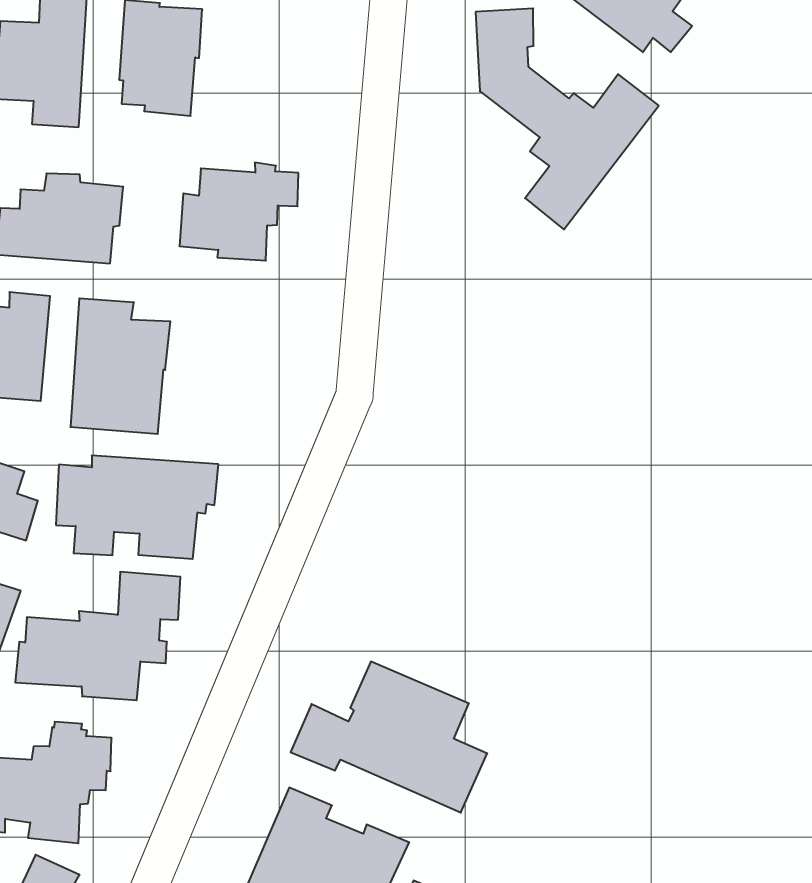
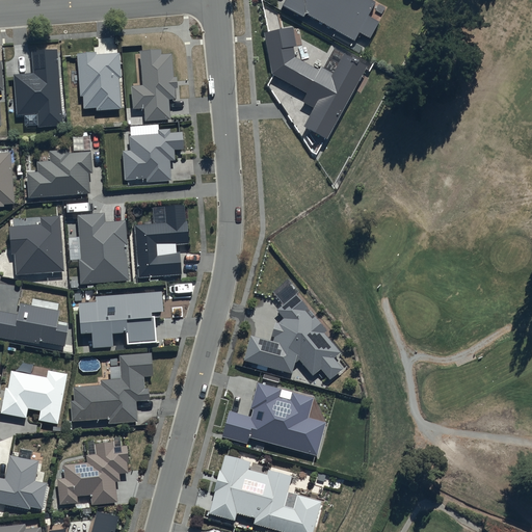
building: none -> [130,49,177,121]
building: none -> [134,204,193,277]
building: none -> [242,277,343,379]

